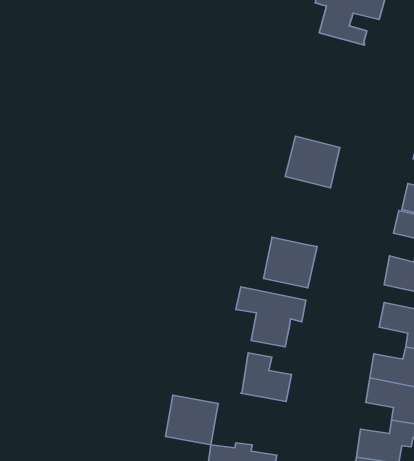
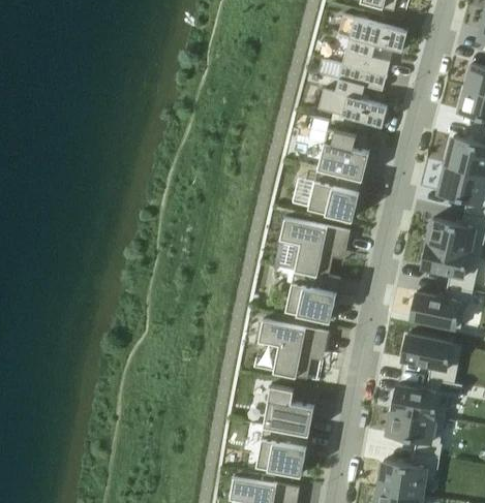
building: none -> [317,66,387,130]
building: none -> [317,130,369,181]
building: none -> [279,219,350,278]
building: [166,395,218,445] -> [255,427,308,476]

